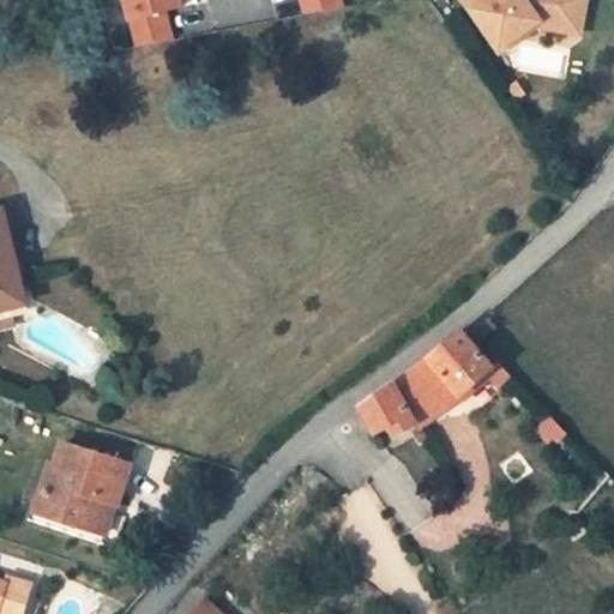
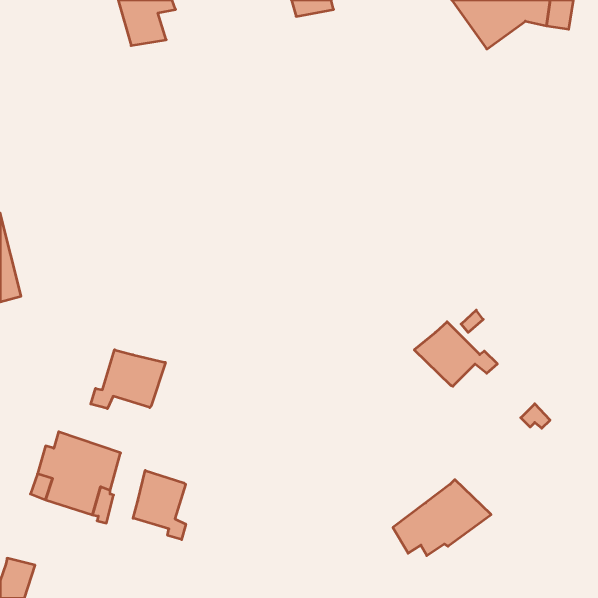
building: none -> [91,350,165,409]
building: [361,359,462,437] -> [393,480,491,556]
building: none -> [133,470,186,540]

